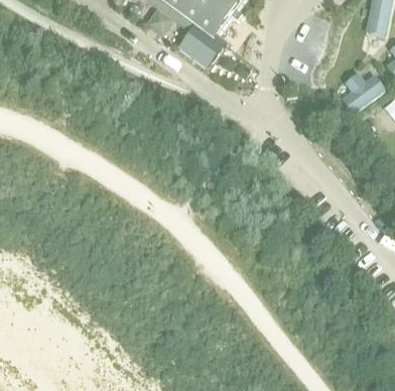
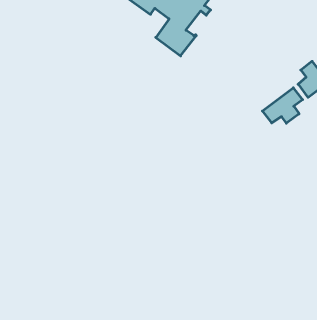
building: none -> [262,88,303,123]

